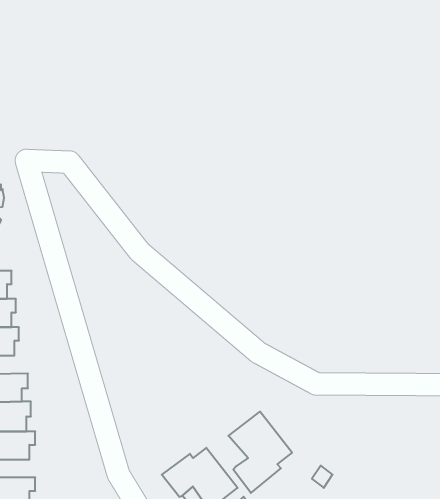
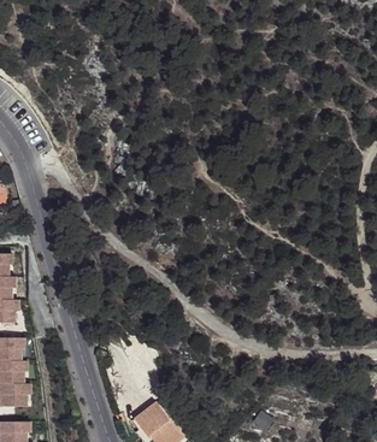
building: [228,412,292,493] -> none

